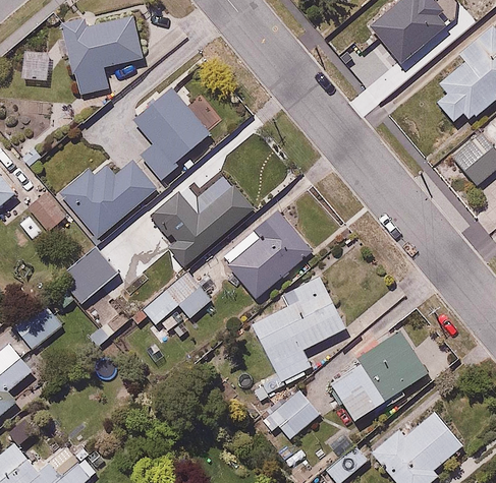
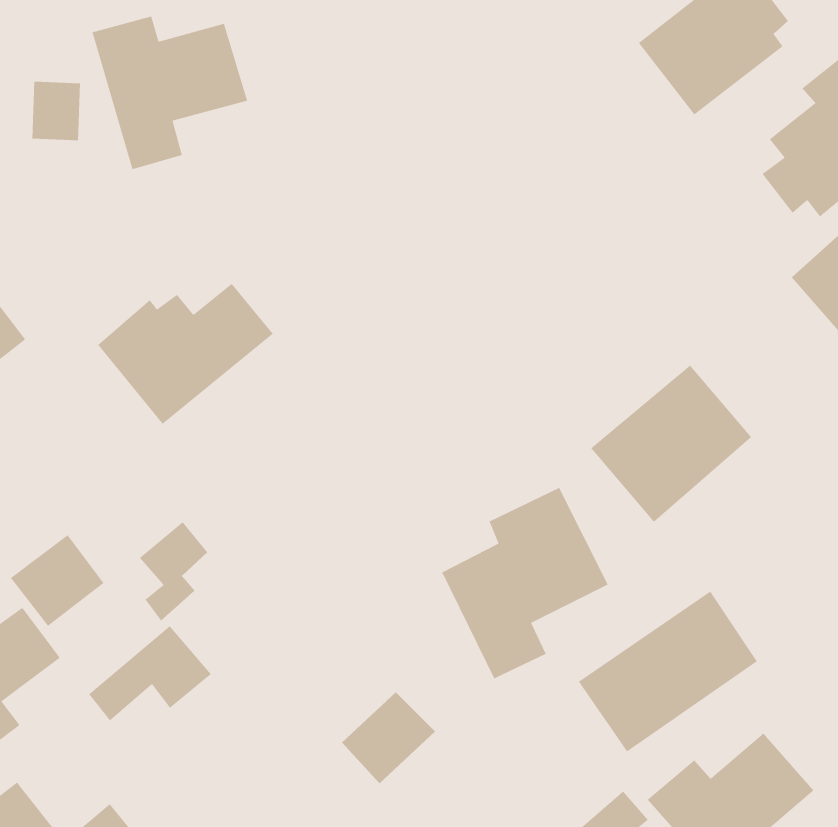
building: [134,88,209,184] -> none
building: [152,183,257,268] -> none
building: [25,190,68,234] -> none
building: [221,210,312,299] -> [590,364,752,523]
building: [60,245,121,305] -> none
building: [144,273,213,326] -> [88,625,212,722]
building: [267,390,320,442] -> [341,692,436,784]

